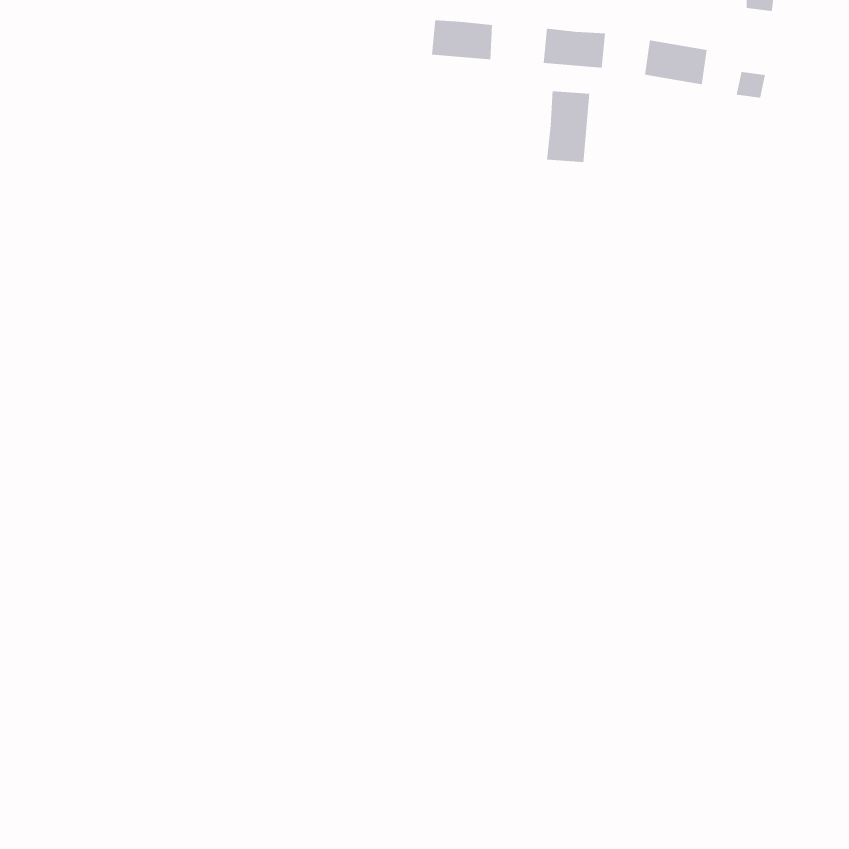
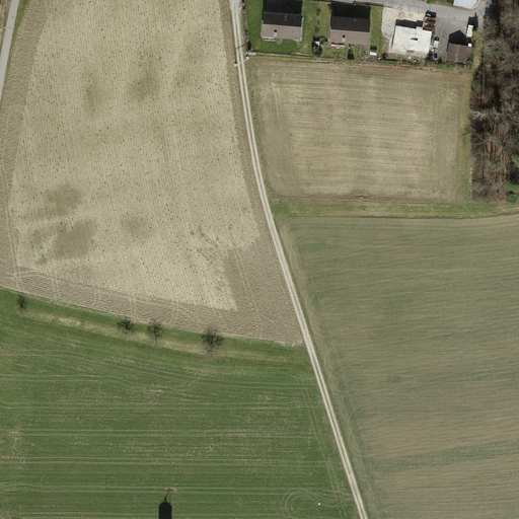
building: [546,90,590,163] -> none

